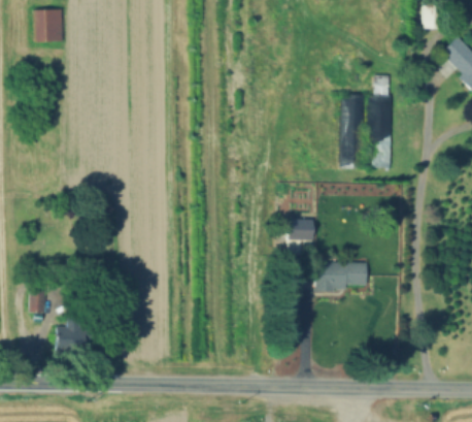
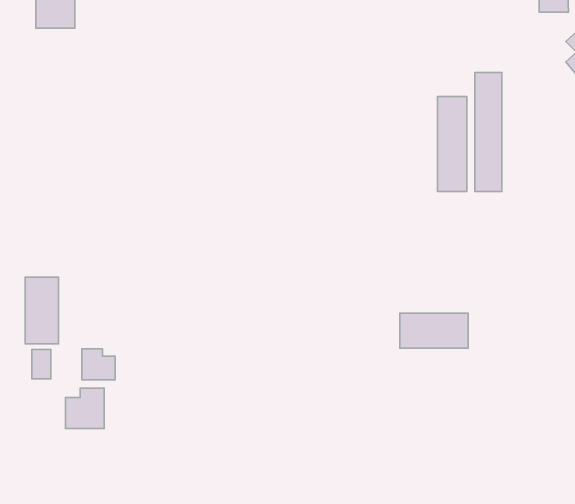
building: [289,224,313,242] -> none
building: none -> [25,277,58,344]
building: none -> [82,349,115,380]

